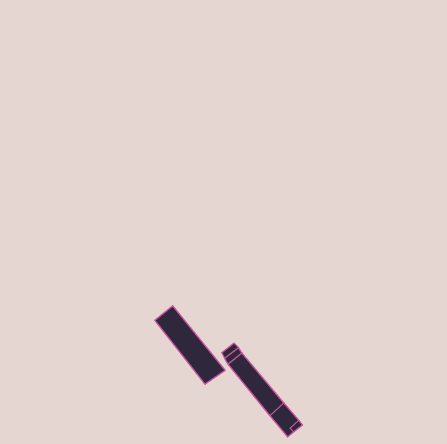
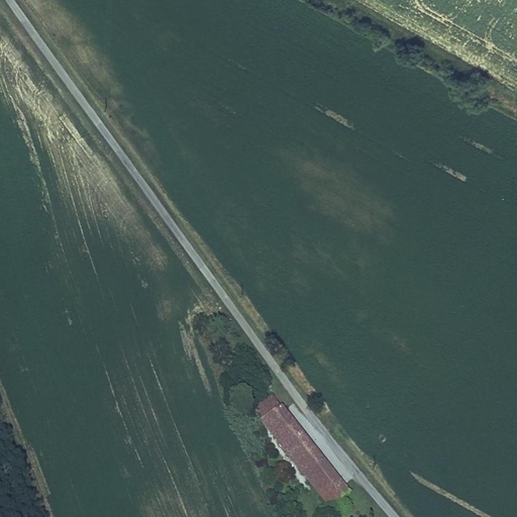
building: [155,306,225,384] -> none

